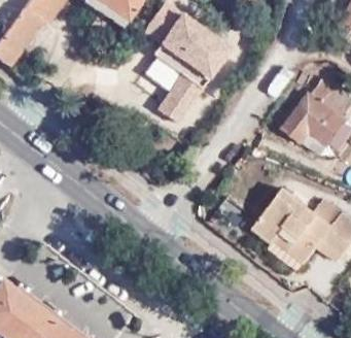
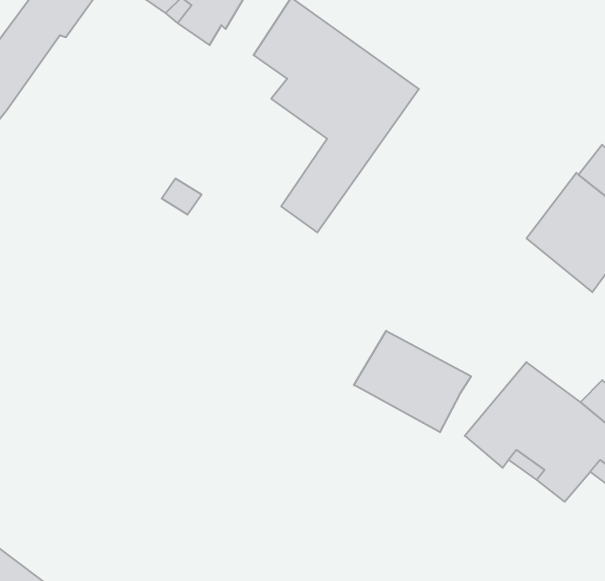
building: none -> [354,331,471,432]

